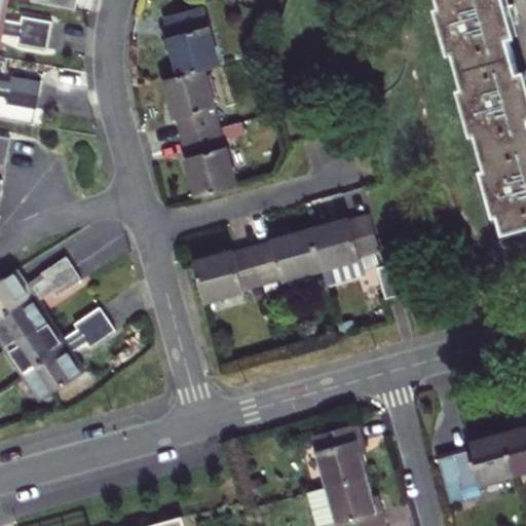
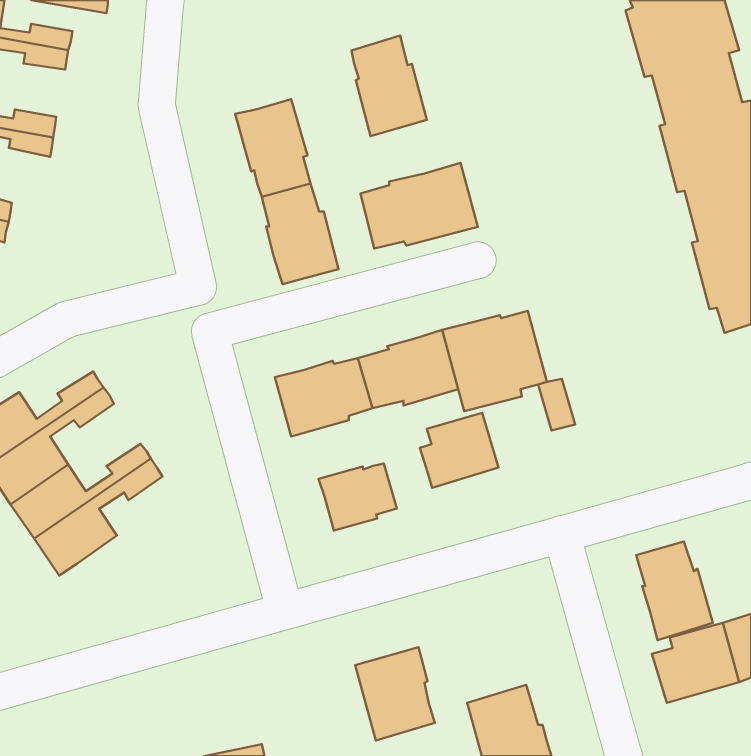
building: [164,6,217,76] -> [351,36,427,136]
building: none -> [360,163,478,249]
building: none -> [420,413,498,488]
building: none -> [319,464,397,531]
building: none -> [636,541,713,640]
building: [310,423,366,488] -> [355,647,435,740]

